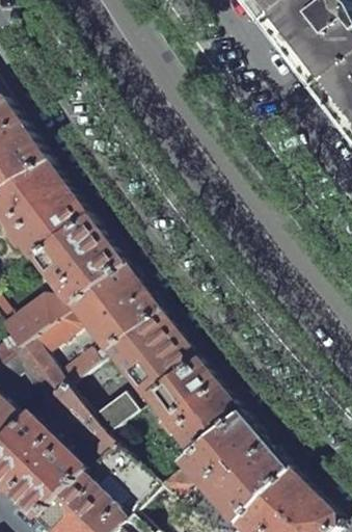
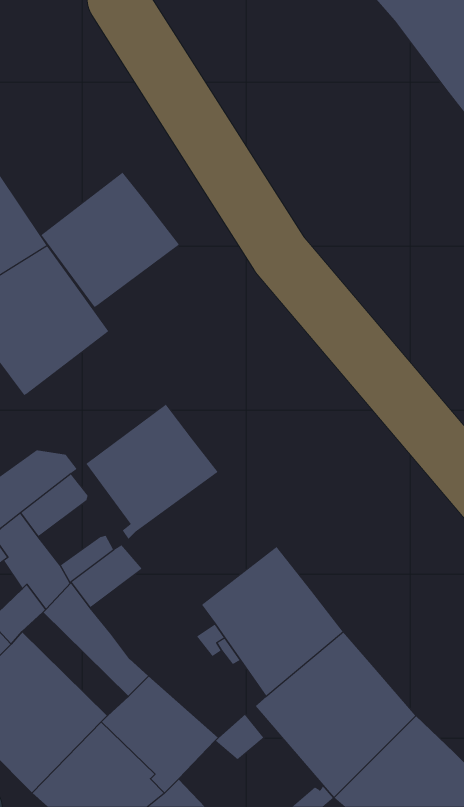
building: [35,218,127,308] -> [40,172,180,308]
building: [107,311,199,400] -> none
building: [90,393,135,433] -> none

